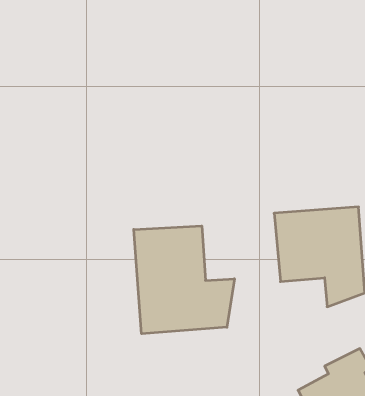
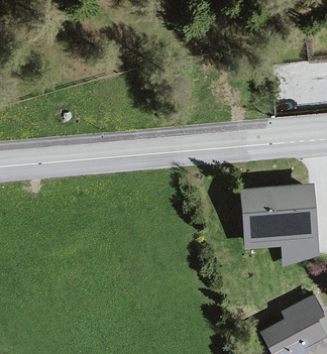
building: [134,226,234,334] -> none

